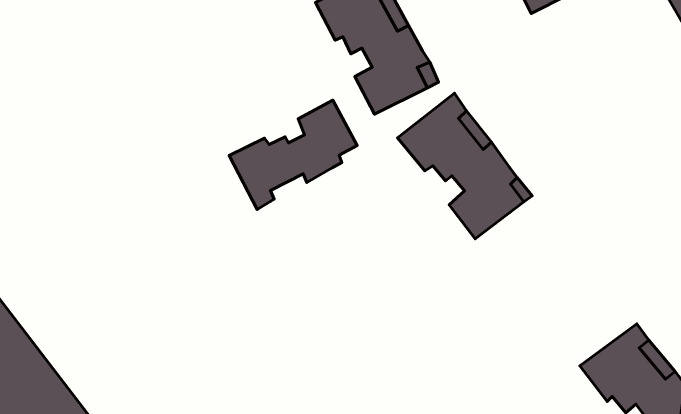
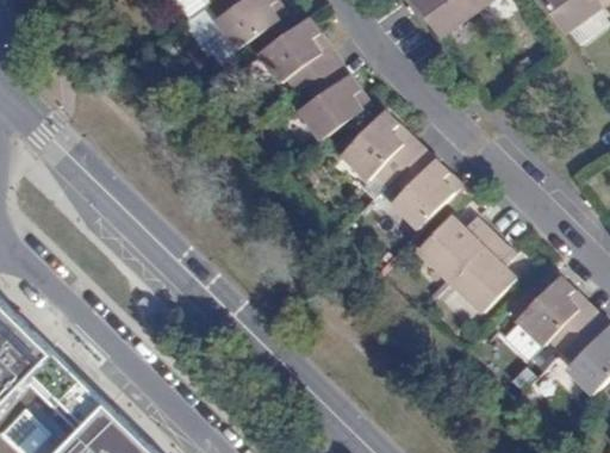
building: [229,100,357,209] -> none
building: none -> [417,217,513,312]

